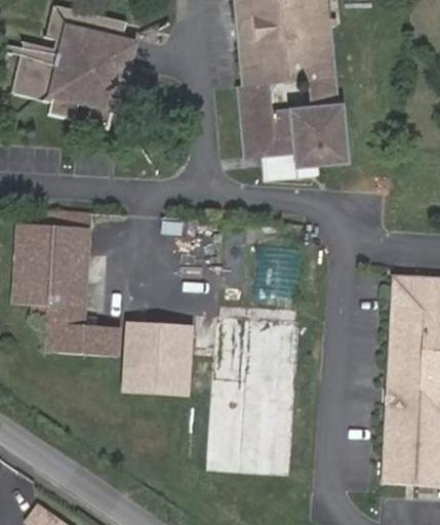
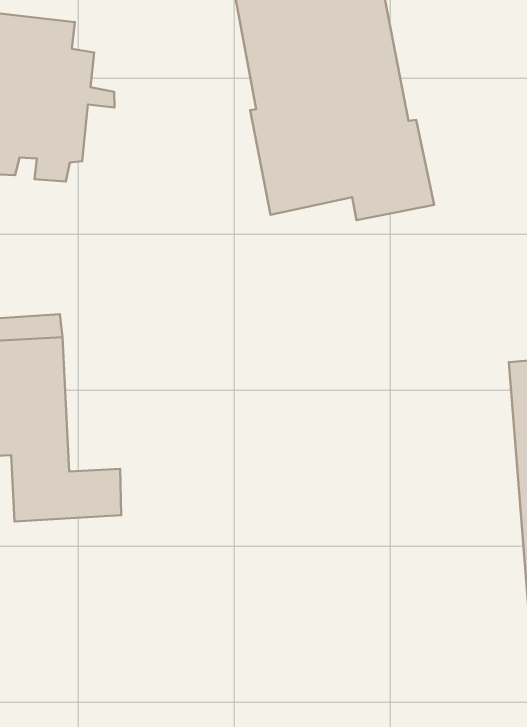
building: [126,316,194,394] -> none
building: [206,316,301,477] -> none

